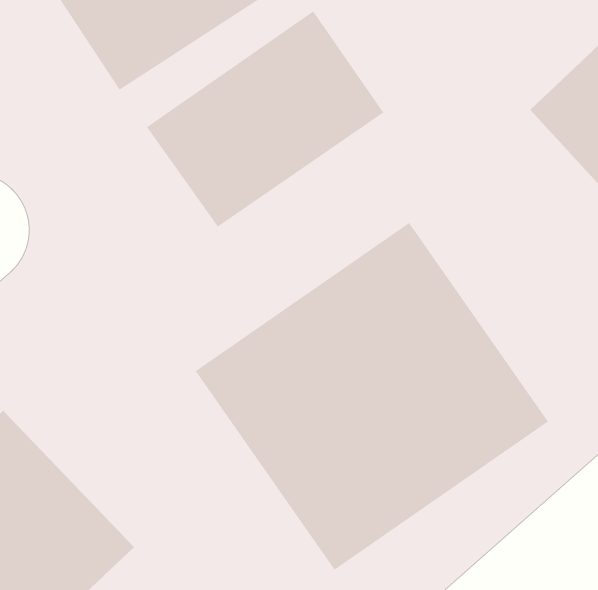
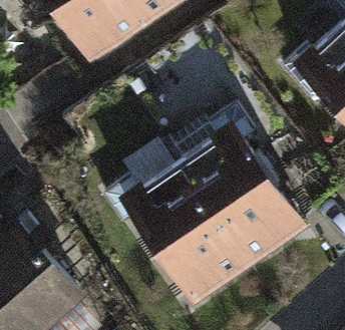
building: [146,10,384,227] -> none

